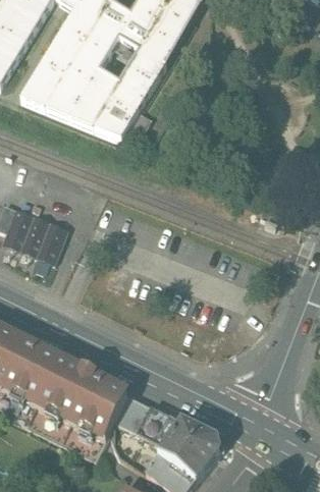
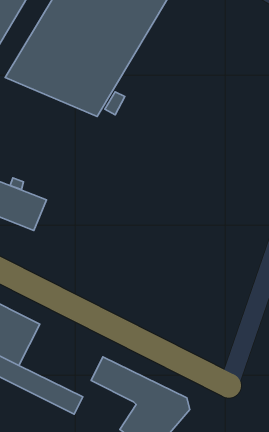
building: [38,357,127,434] -> none

